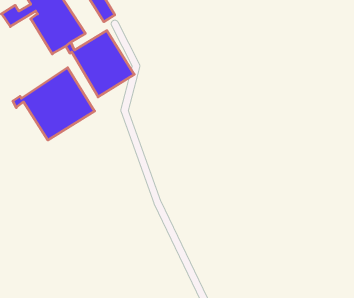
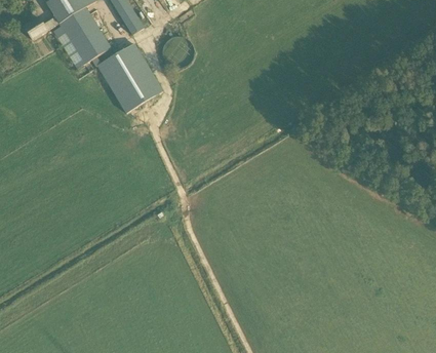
building: [13,68,95,140] -> none

